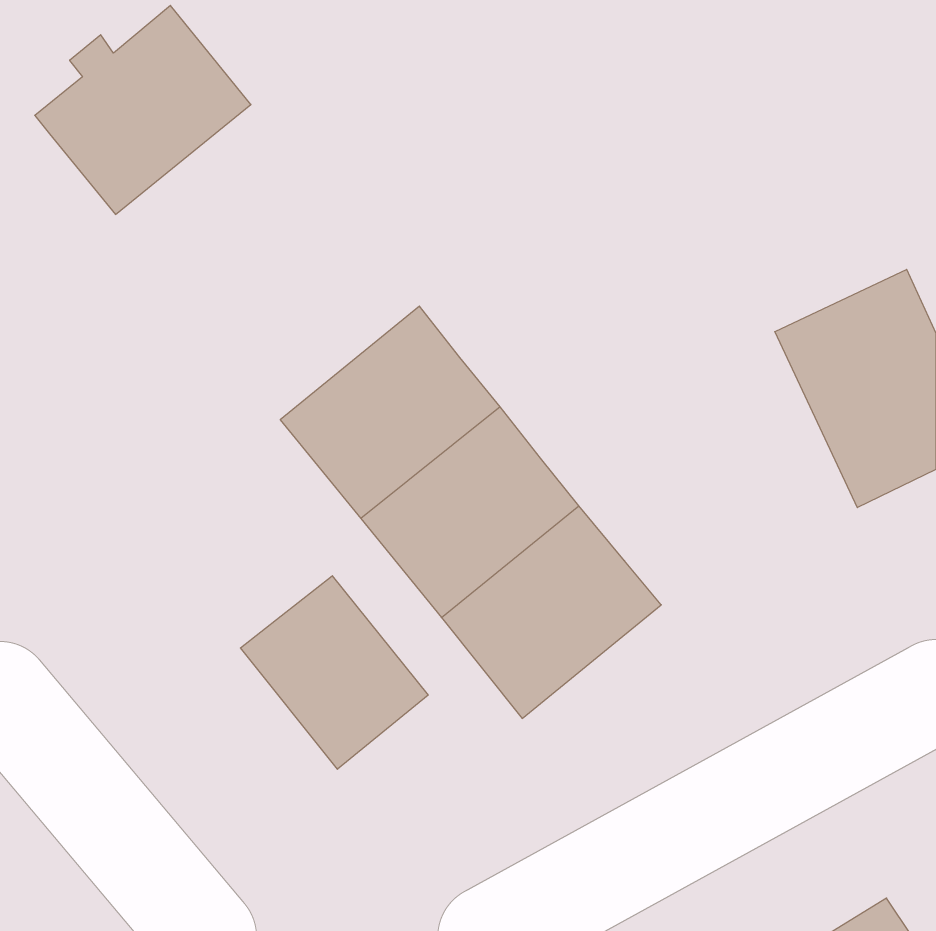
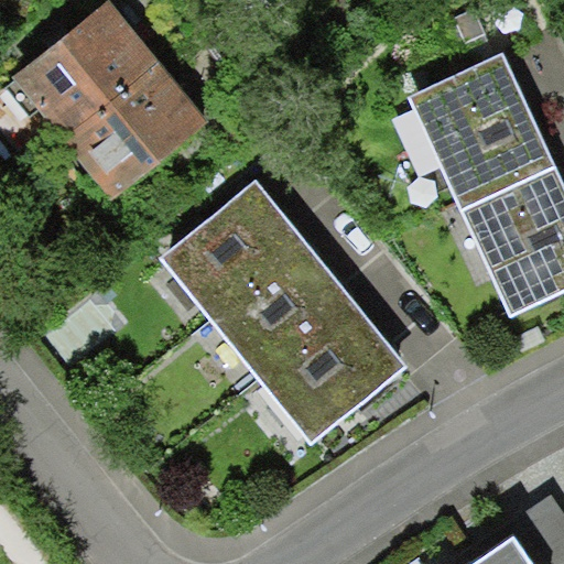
building: none -> [417,61,545,203]
building: none -> [69,66,198,191]
building: [240,576,428,769] -> none

